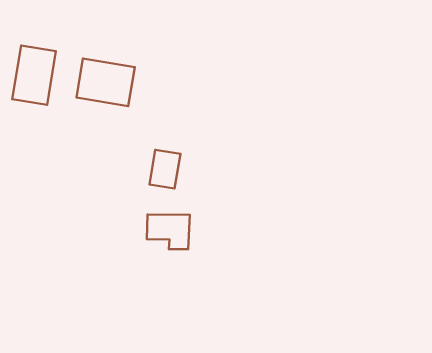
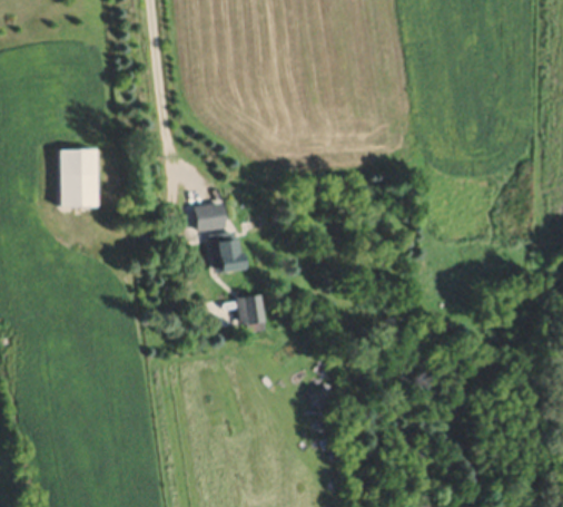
building: [76,59,135,106] -> none
building: none -> [196,203,228,232]

